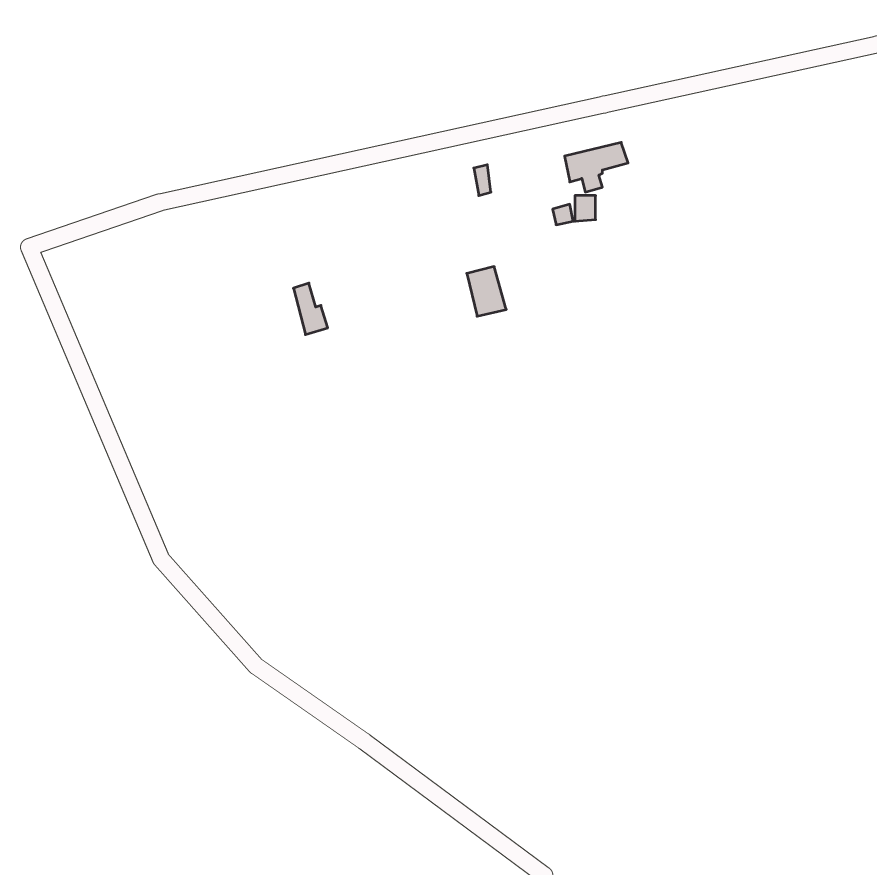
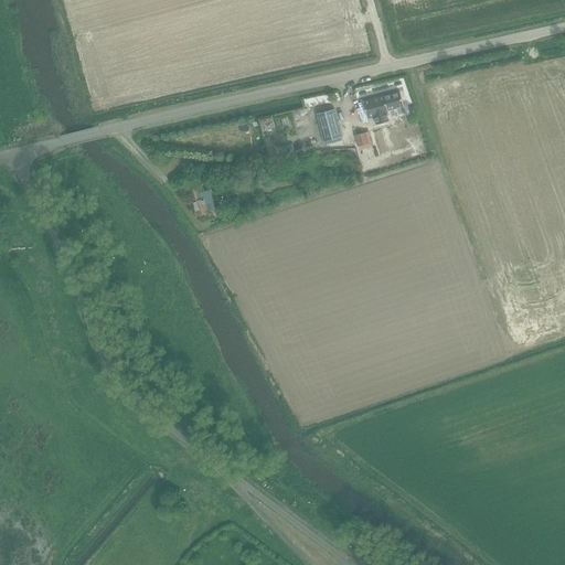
building: [467,267,506,316] -> [317,108,342,140]

